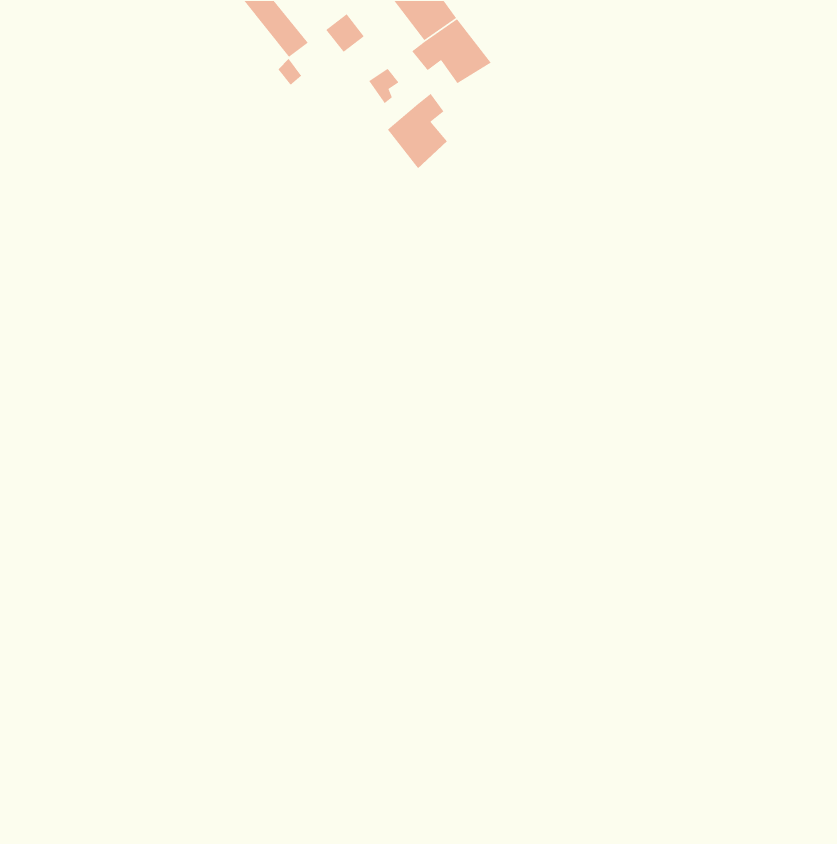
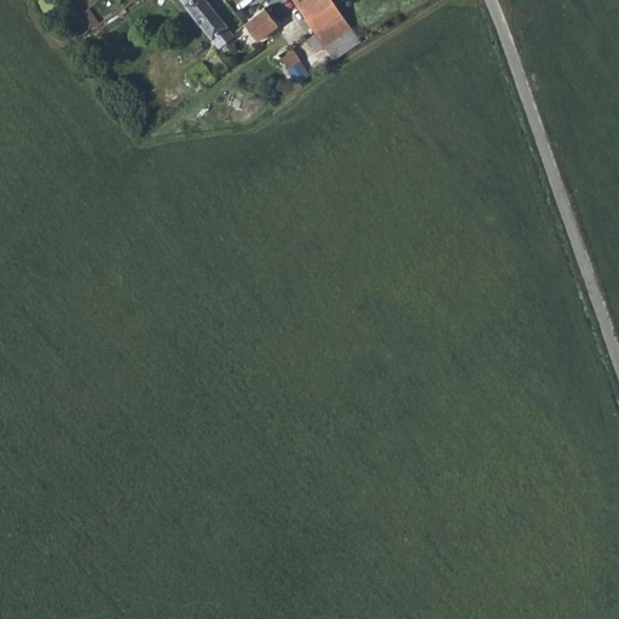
building: [387,93,448,169] -> none

